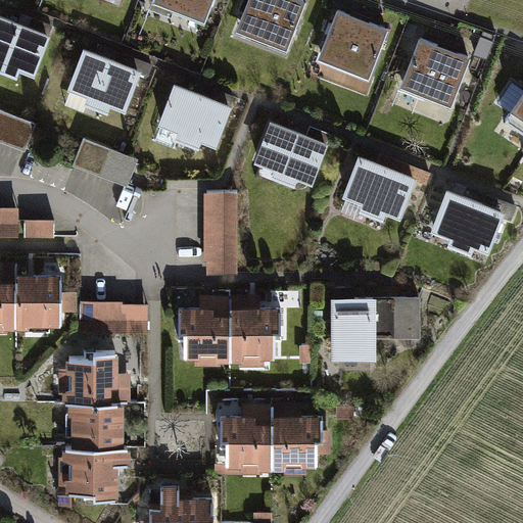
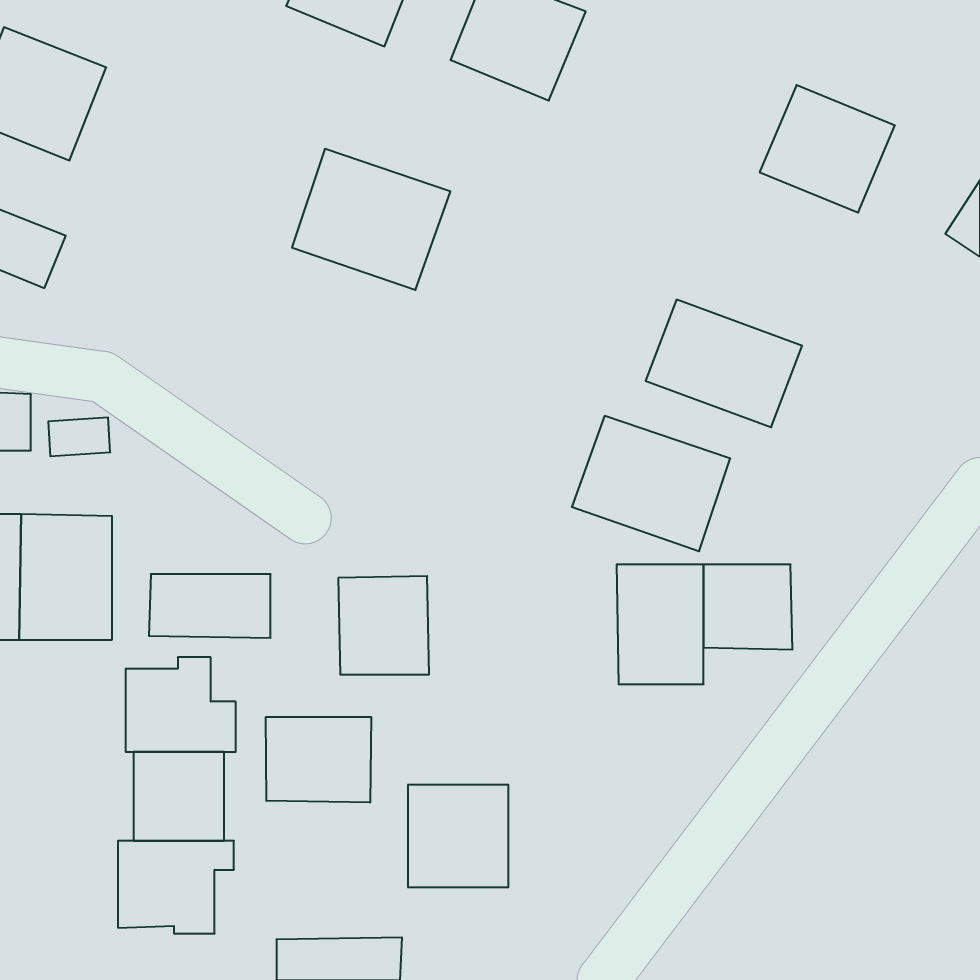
building: [316,15,387,83] -> none
building: [61,42,145,122] -> none
building: [252,120,336,191] -> [572,416,730,551]
building: [72,142,137,187] -> none
building: [431,191,512,260] -> none
building: [197,192,237,273] -> none
building: [226,304,276,356] -> none
building: none -> [266,717,371,803]
building: [269,415,320,464] -> none

